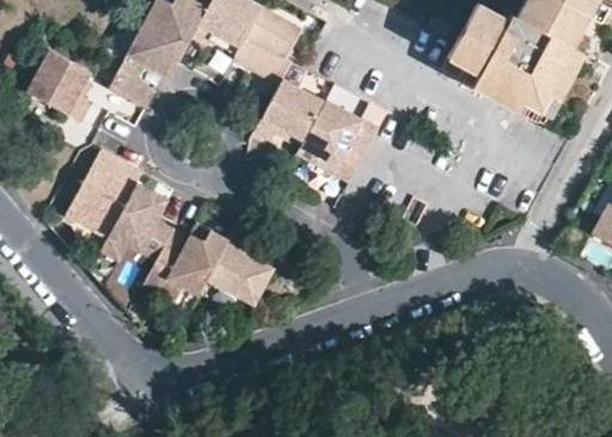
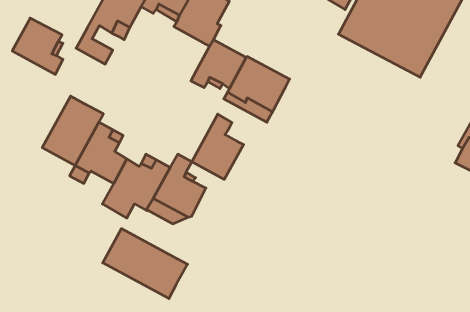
building: none -> [192,114,244,179]
building: none -> [103,229,188,299]

